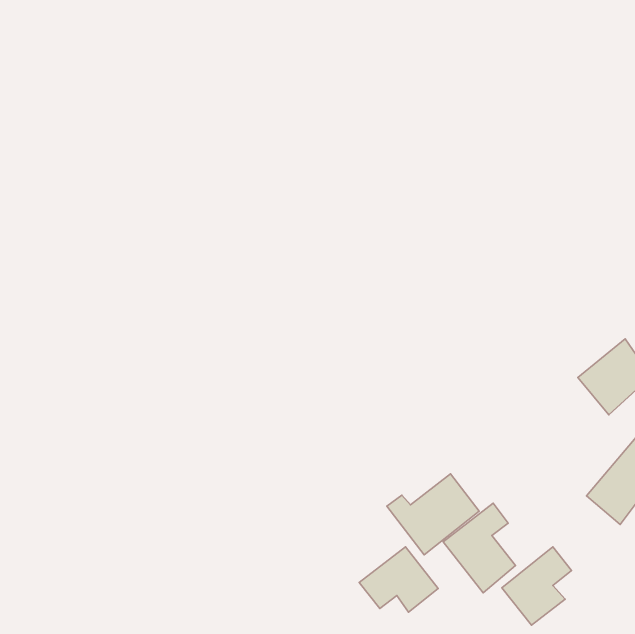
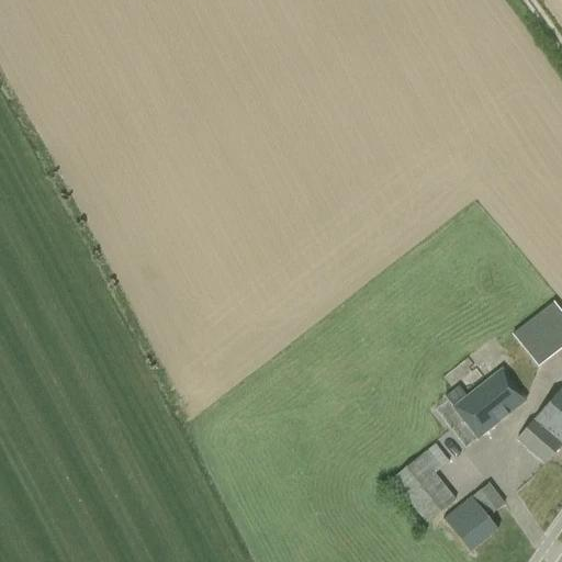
building: [387,474,479,555] -> [446,367,527,438]
building: [359,547,438,612] -> none

